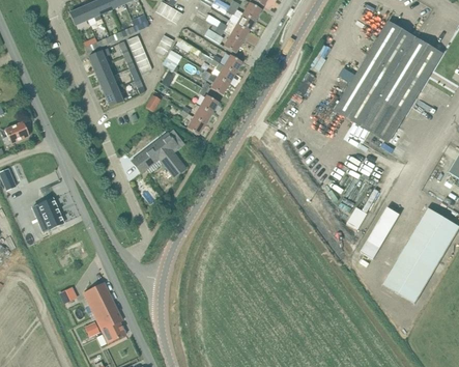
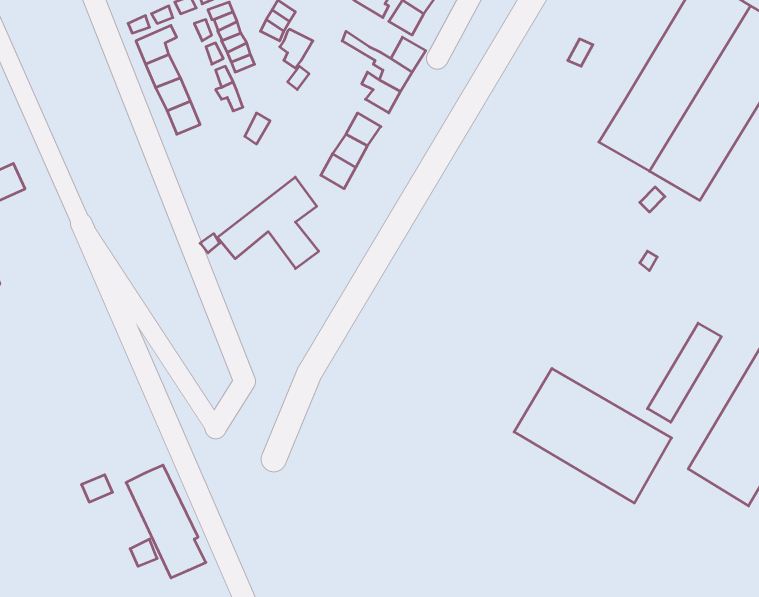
building: [37,198,63,229] -> none
building: none -> [514,368,672,503]

